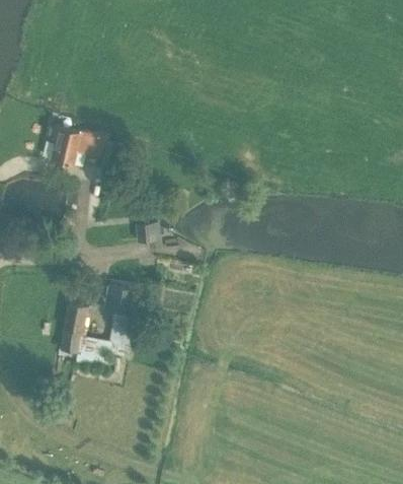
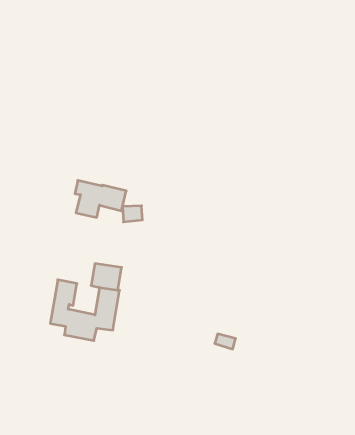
building: [51,125,105,164] -> [75,180,126,217]

